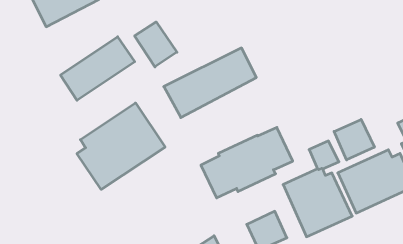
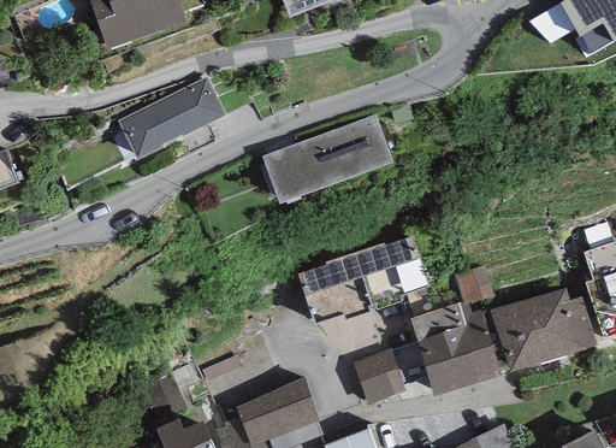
building: [135,22,177,67] -> none
building: [77,103,165,189] -> none
building: [334,119,374,160] -> none

